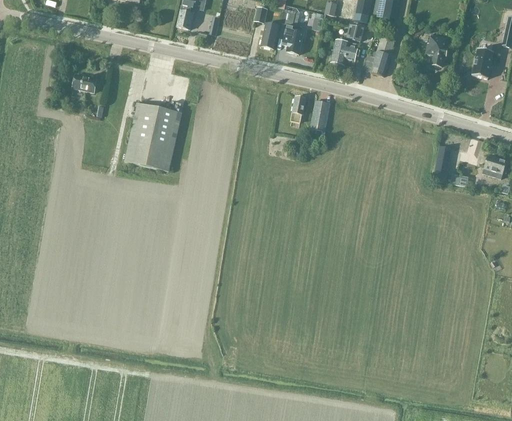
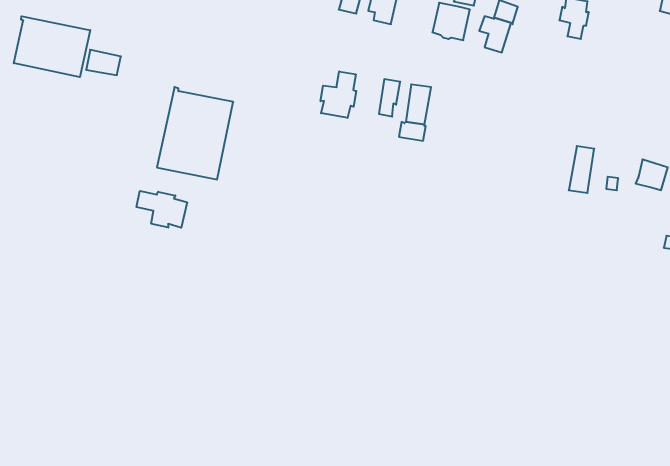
building: [472,48,494,78] -> none
building: none -> [14,16,90,77]
building: none -> [321,71,356,118]
building: none -> [136,191,187,228]

